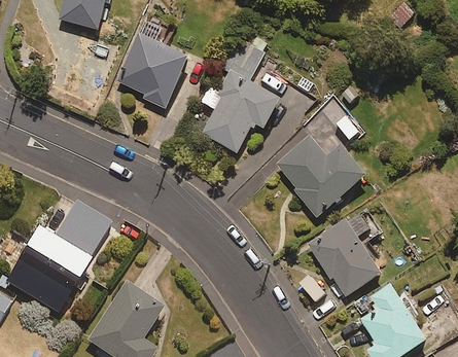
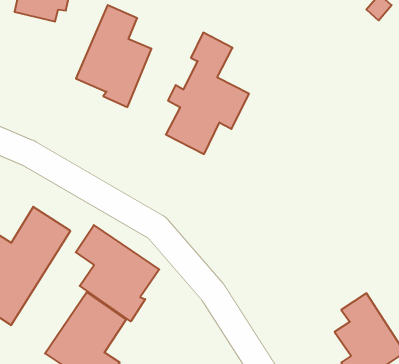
building: [276,100,366,216] -> none
building: [307,205,382,296] -> none
building: none -> [76,225,159,321]

